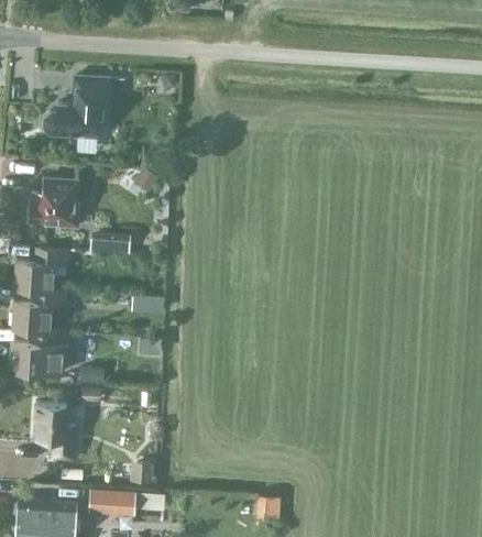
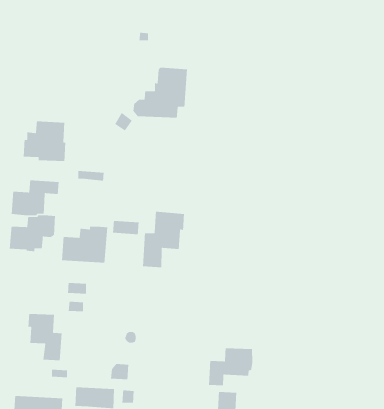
building: [44,76,109,136] -> [132,67,188,119]
building: none -> [142,211,185,268]
building: [10,329,65,373] -> [61,226,108,264]
building: none -> [208,348,253,386]

